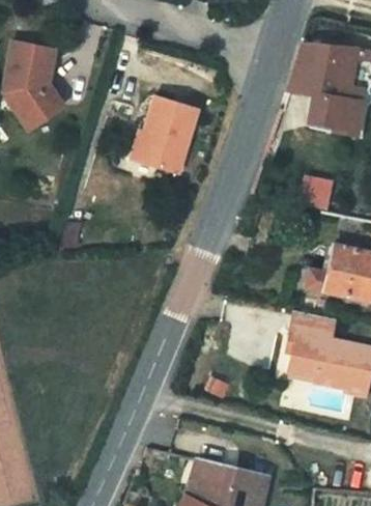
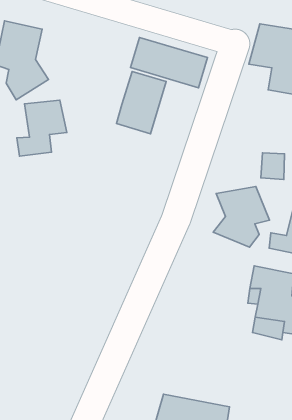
building: none -> [130,37,207,88]
building: none -> [17,100,67,156]
building: none -> [213,186,269,247]

